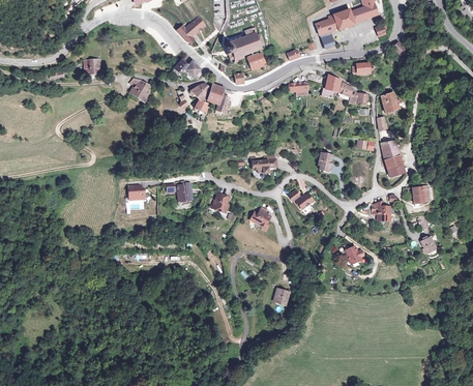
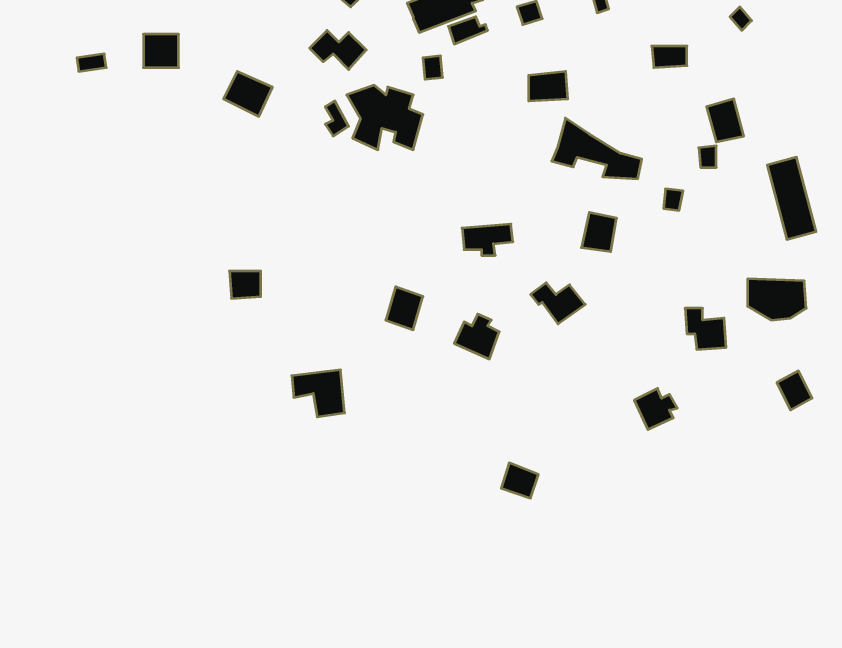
building: [321,73,368,106] -> [552,118,642,179]
building: [381,137,407,180] -> [767,157,816,239]
building: [165,181,193,206] -> [292,370,345,417]

